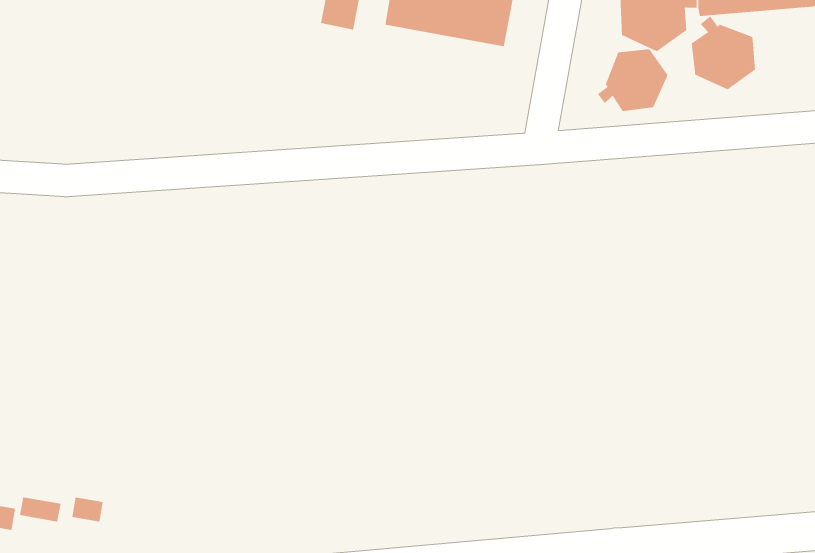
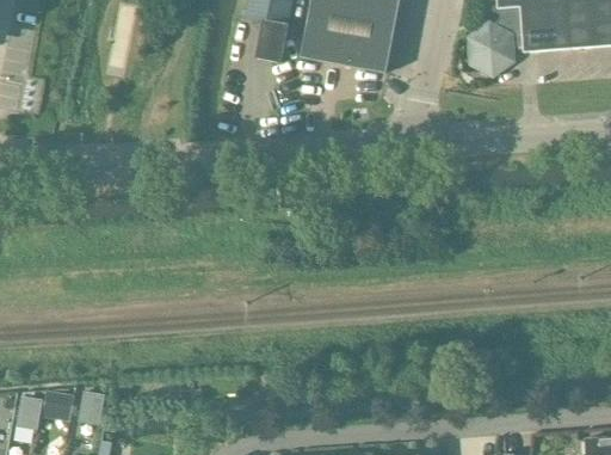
building: [691,16,755,90] -> none
building: [597,49,668,112] -> none

